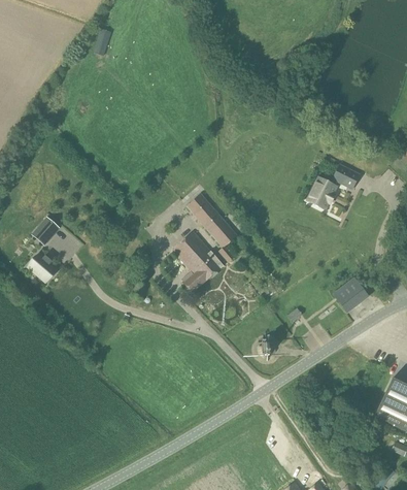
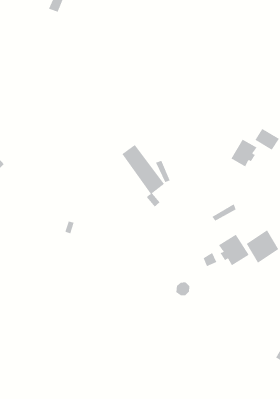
building: [173,231,223,292] -> none
building: none -> [218,234,250,266]

